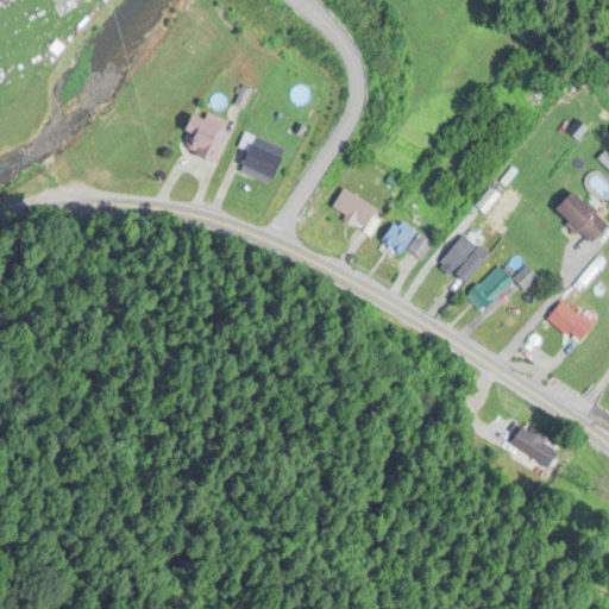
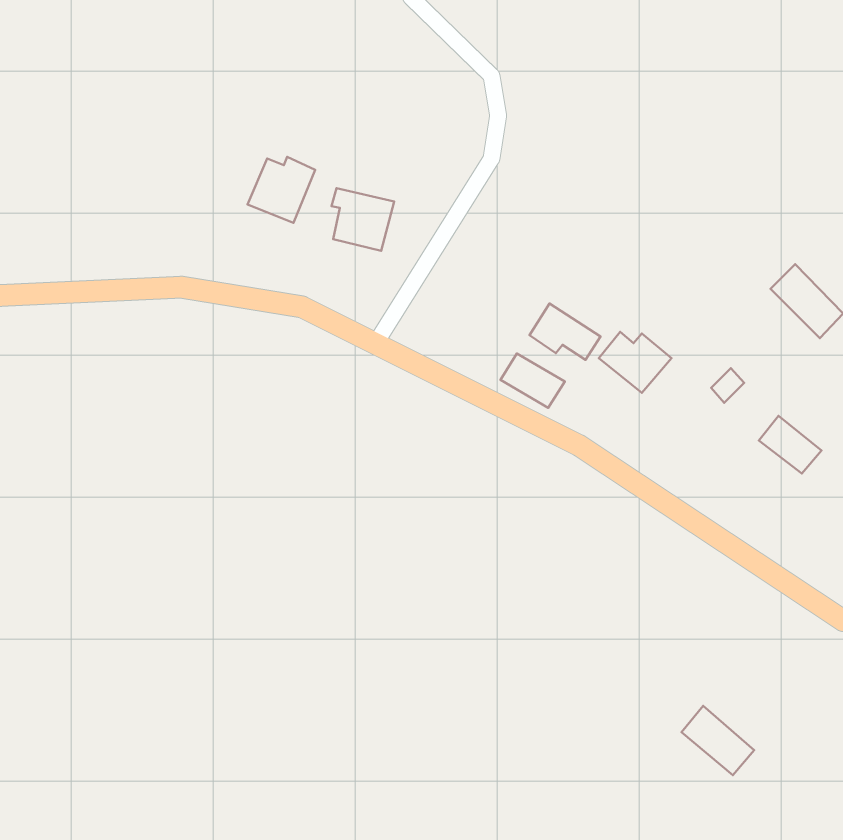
building: [331,188,377,227] -> [500,353,565,408]
building: [467,264,511,308] -> none
building: [511,421,564,471] -> [682,706,754,775]

